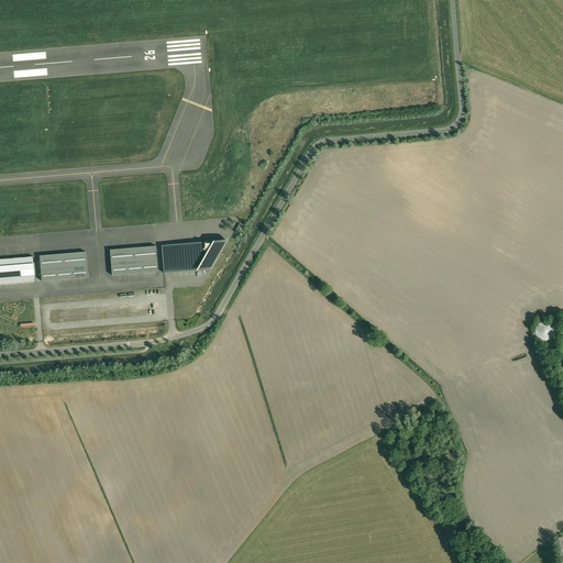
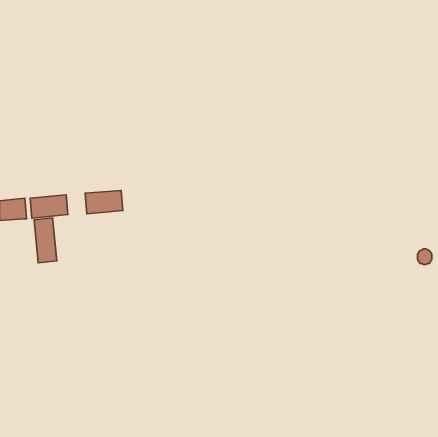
building: [161,239,224,272] -> none
building: none -> [34,218,57,263]

